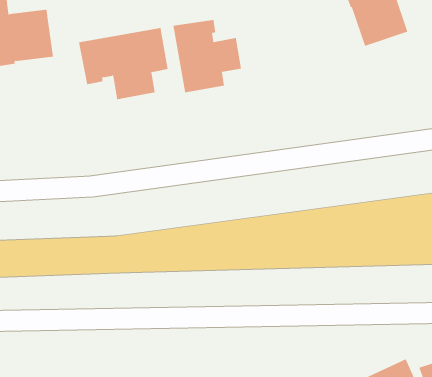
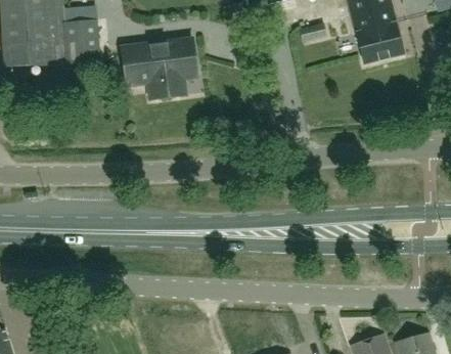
building: [173,19,242,93] -> none

